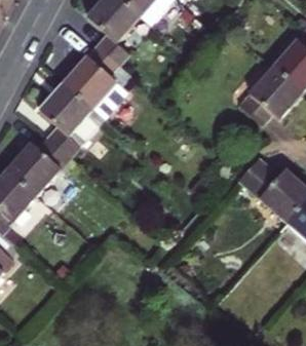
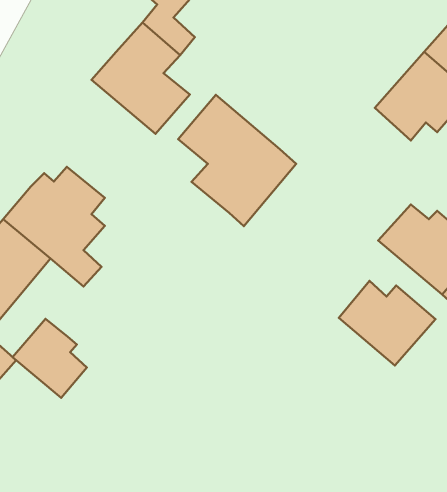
building: [40,83,114,165] -> [178,95,296,226]
building: none -> [339,281,435,366]
building: none -> [13,319,87,398]

